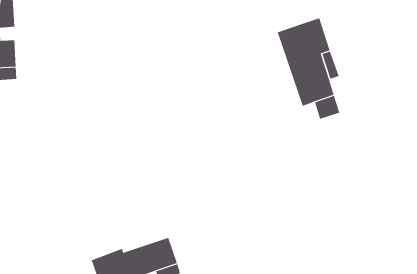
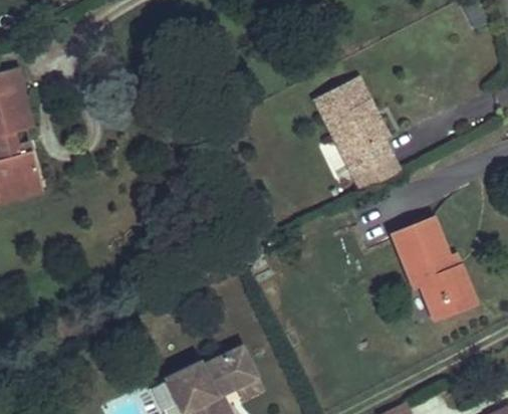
building: none -> [384,211,469,310]

